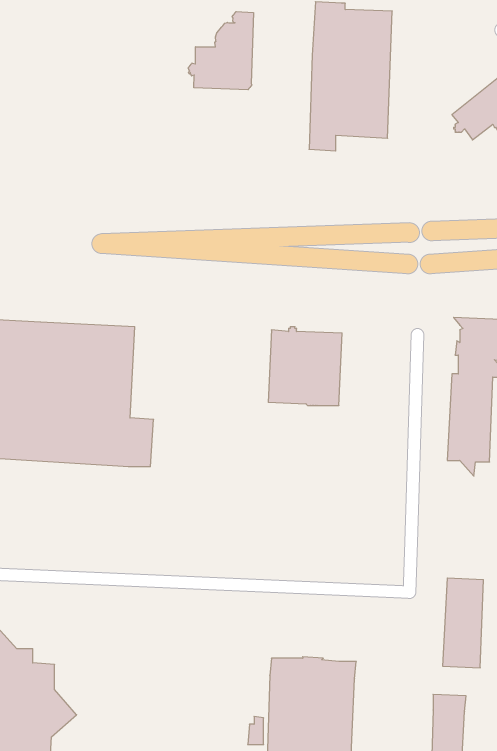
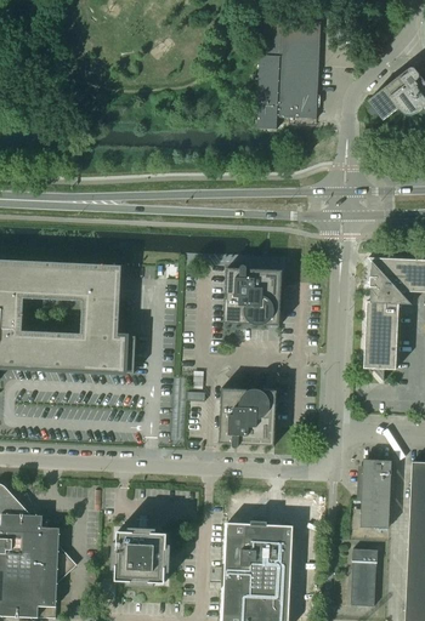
building: [188,12,253,90] -> none
building: none -> [219,387,277,448]
building: none -> [112,526,171,586]

